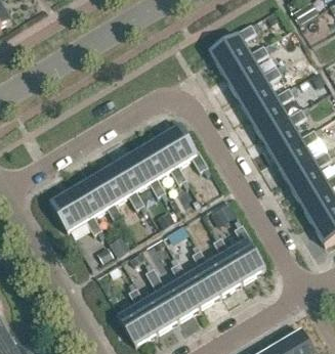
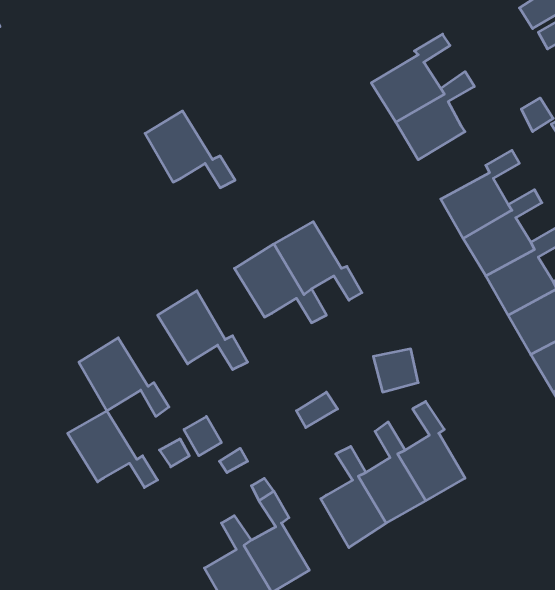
building: [237,65,279,114] -> none
building: [116,151,165,193] -> [145,111,235,188]
building: [73,177,122,219] -> [68,411,158,488]
building: [162,261,199,316] -> none

